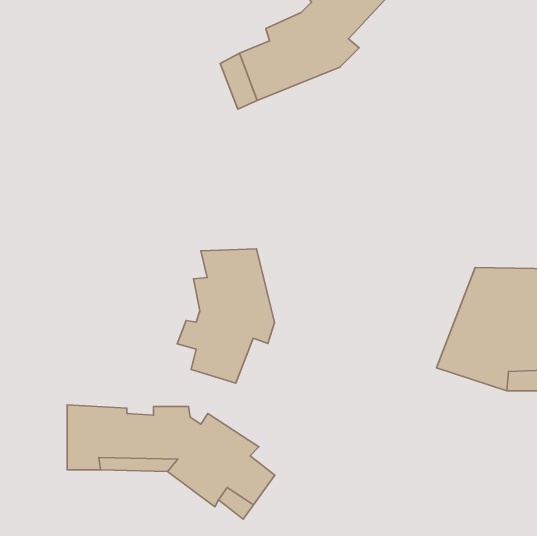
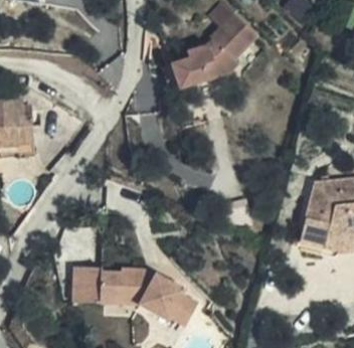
building: [177,249,274,383] -> none

